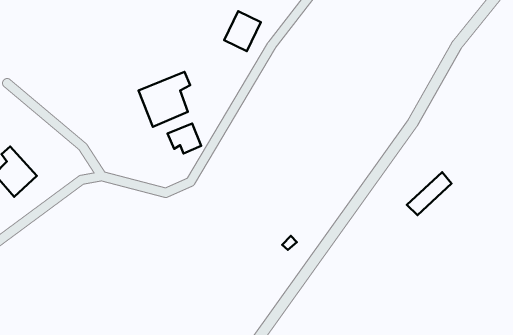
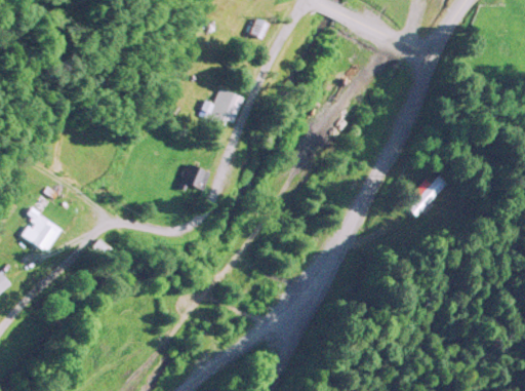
building: [224,11,261,51] -> [209,89,241,125]
building: [138,72,190,127] -> none

